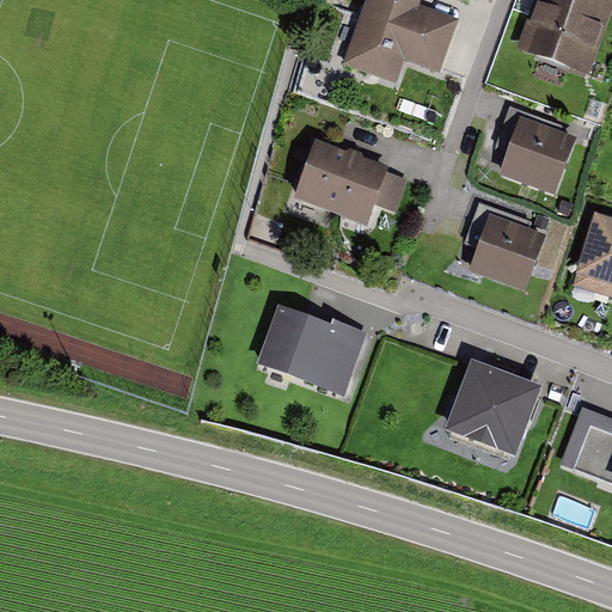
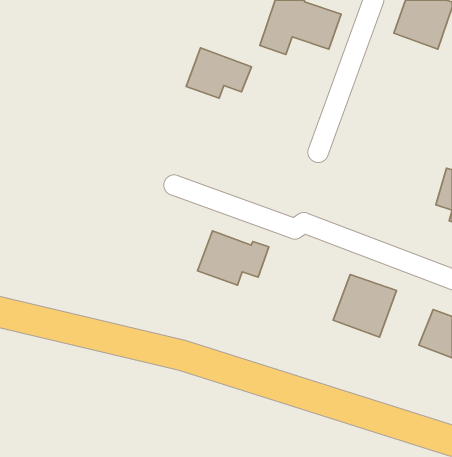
building: [490,121,575,189] -> none
building: [300,145,387,212] -> [186,48,251,98]
building: [475,204,545,286] -> none

